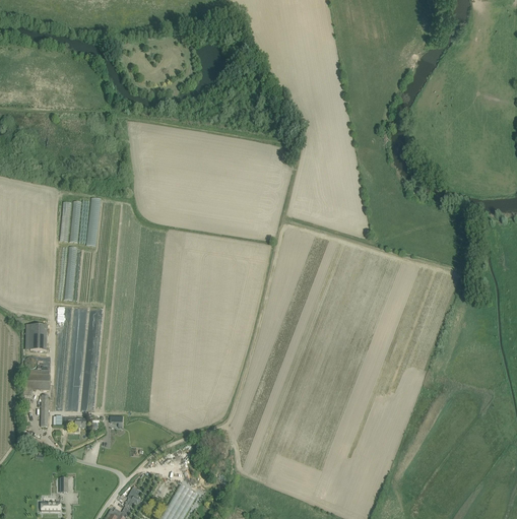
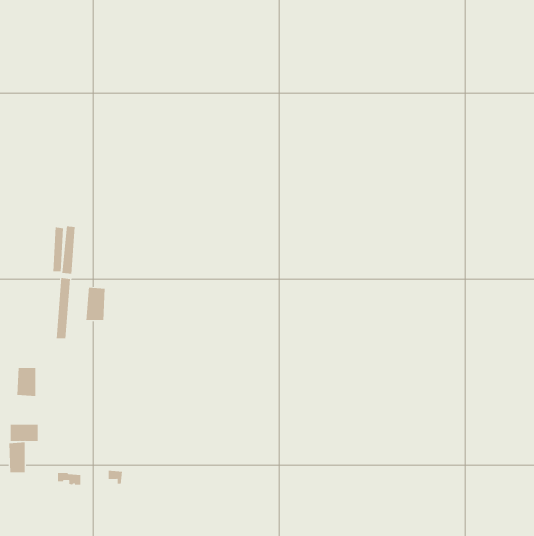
building: none -> [86,287,105,321]
building: none -> [9,441,25,473]

